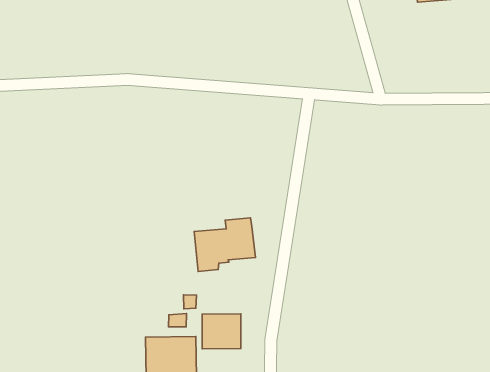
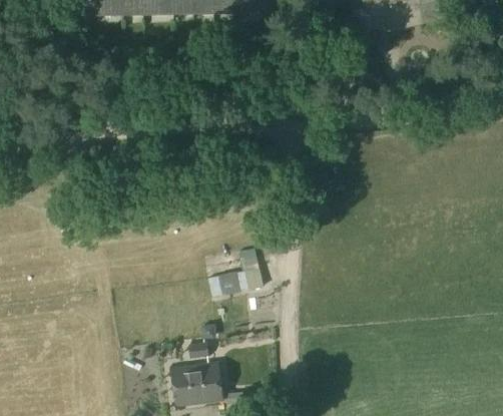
building: [202,314,241,349] -> none

